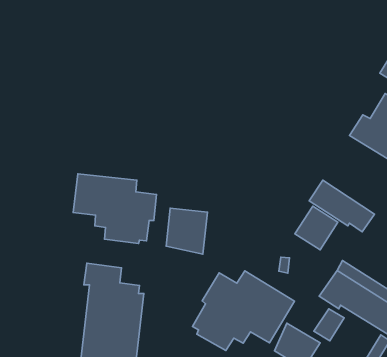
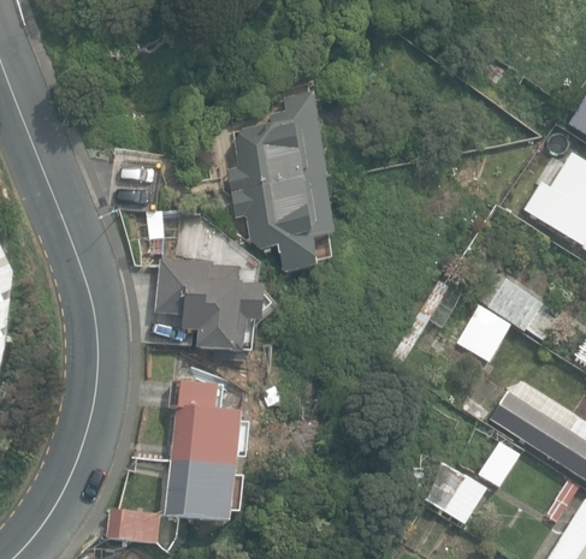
building: none -> [229,96,335,272]
building: [166,208,208,254] -> none
building: [193,271,294,351] -> none

